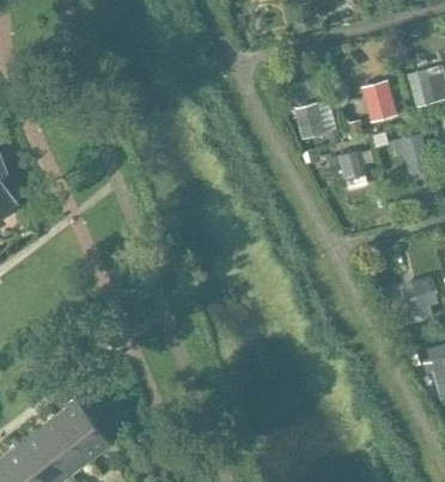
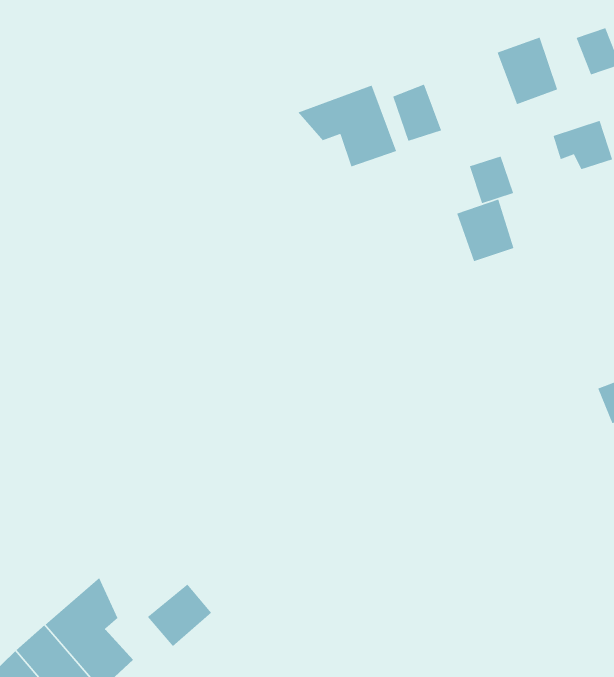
building: none -> [297,85,397,167]
building: none -> [456,199,514,262]
building: none -> [147,584,212,647]

